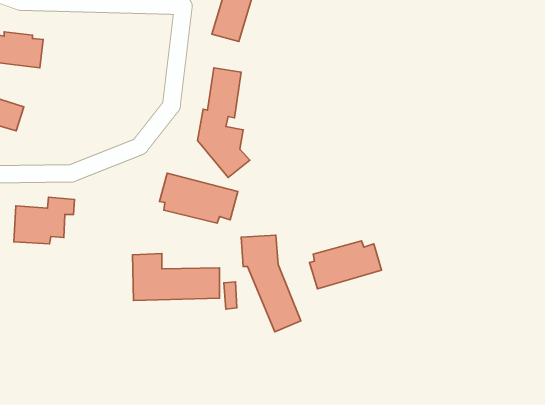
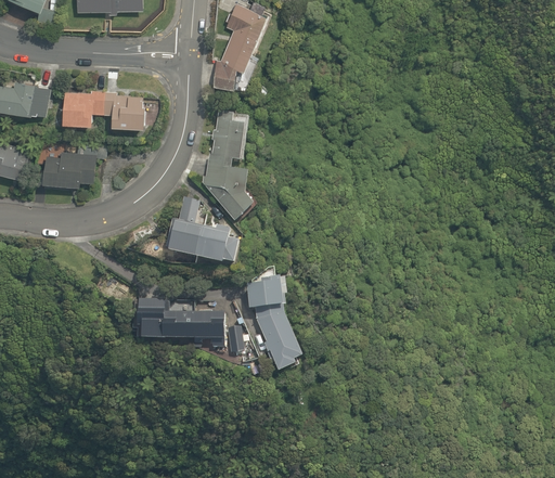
building: none -> [66,87,149,129]
building: [14,197,75,244] -> [47,139,107,185]
building: [310,241,382,289] -> none

